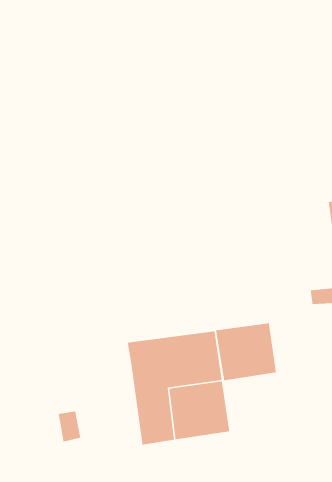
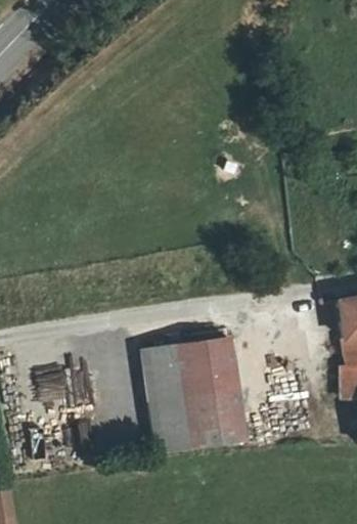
building: [215,322,277,381] -> none

